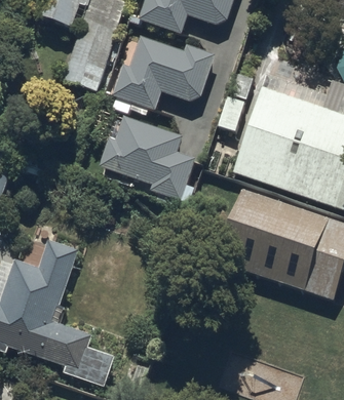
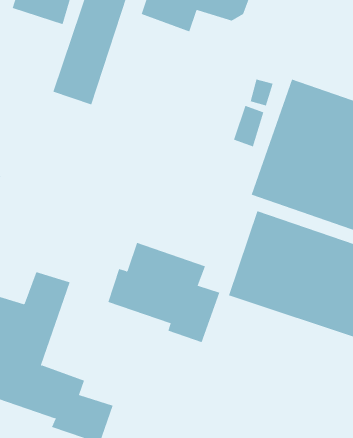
building: [113,34,215,108] -> none
building: [97,114,193,200] -> [108,242,220,343]

